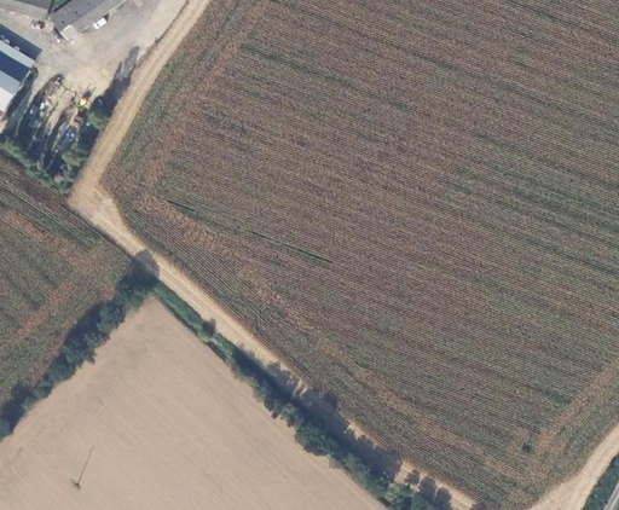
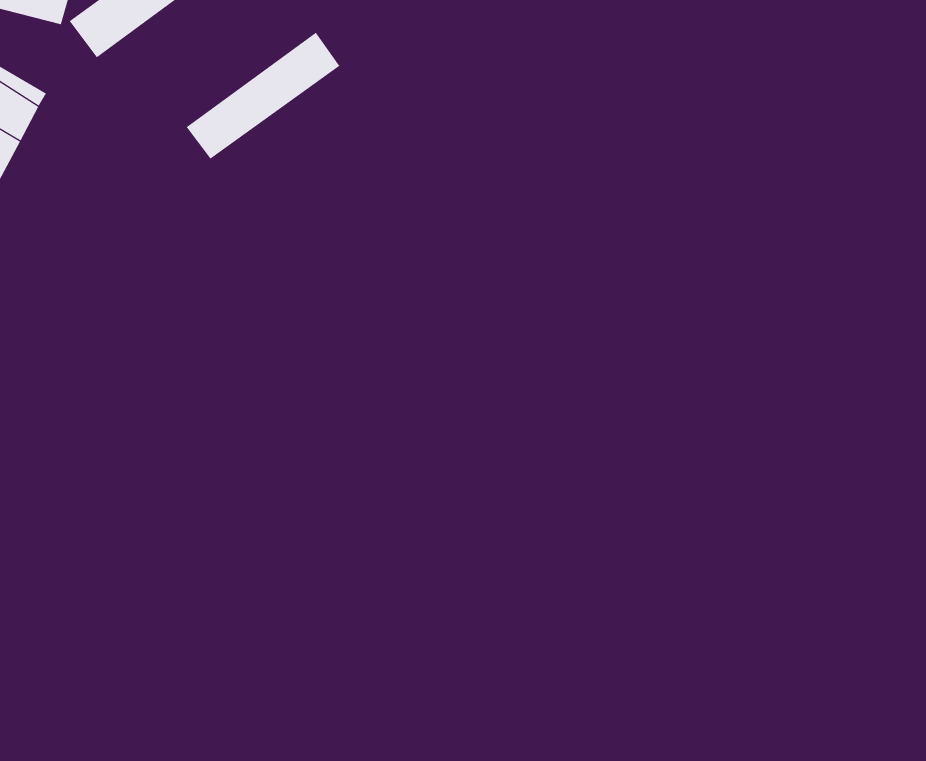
building: none -> [186,32,340,159]

